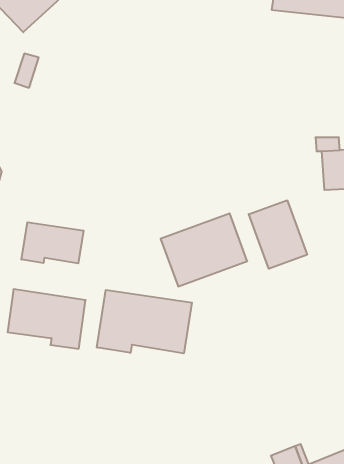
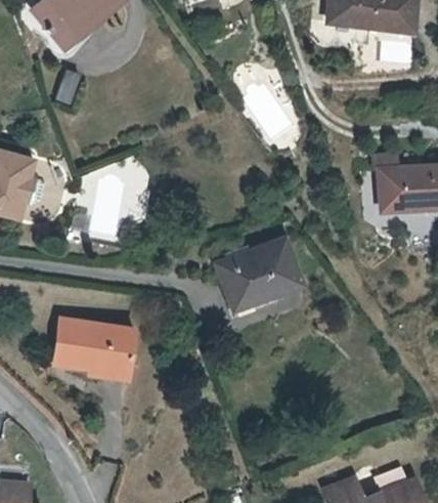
building: [249,200,307,269] -> none
building: [21,222,84,263] -> none
building: [97,290,192,353] -> none

